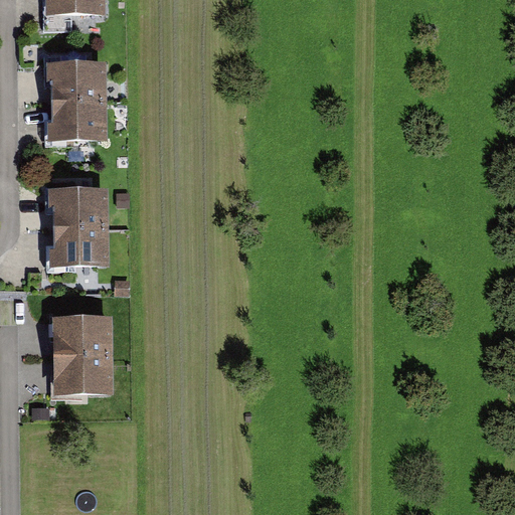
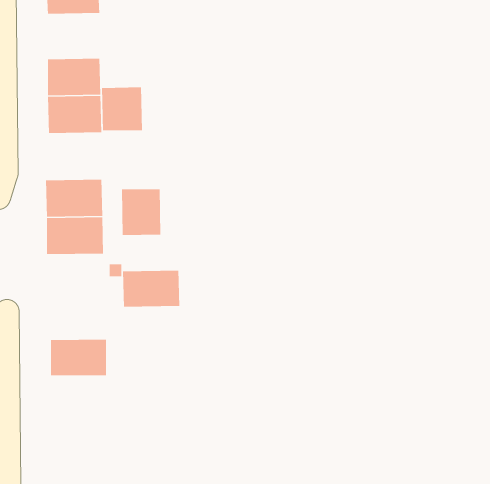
building: none -> [101,86,143,131]
building: none -> [121,188,161,236]
building: [51,316,112,355] -> [122,270,180,307]

